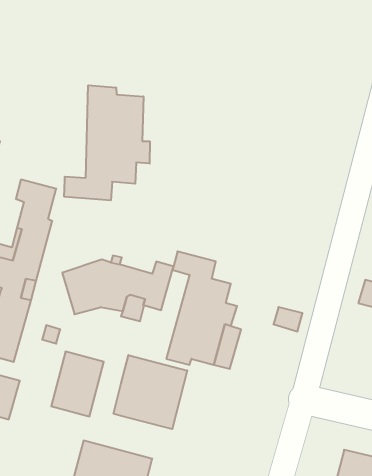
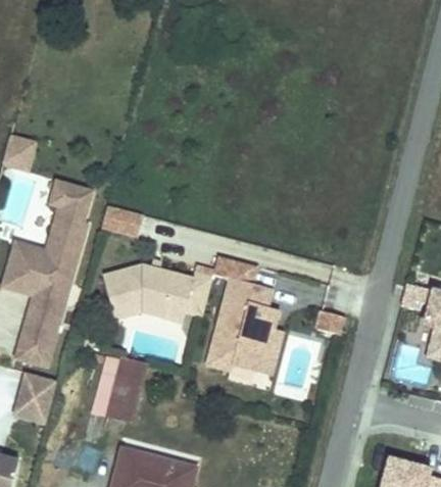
building: [64,85,150,200] -> none
building: none -> [99,206,140,237]
building: [114,355,187,429] -> none

